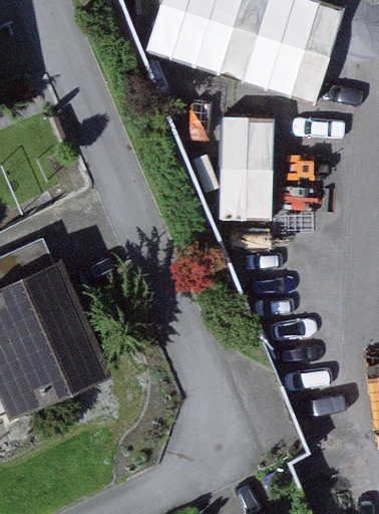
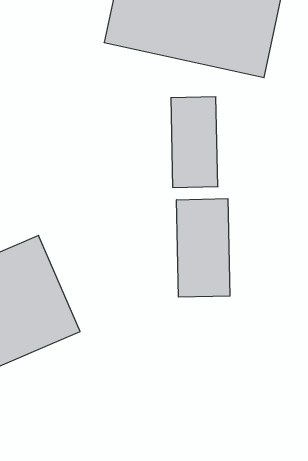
building: none -> [177,199,230,297]

